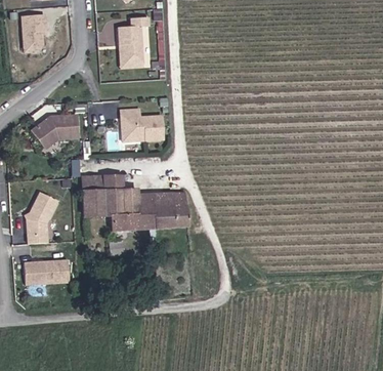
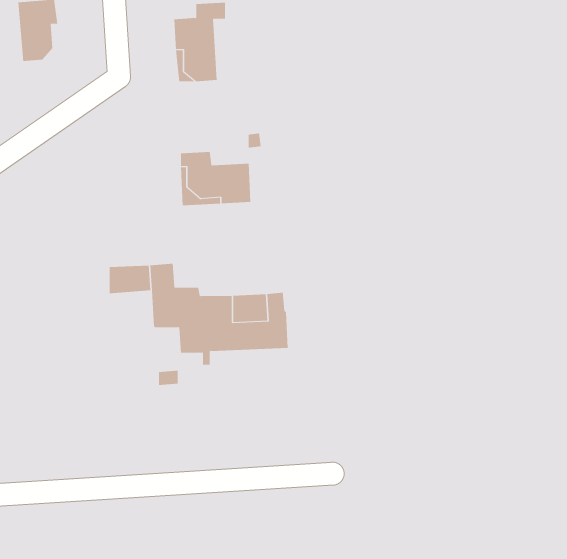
building: [31,114,78,149] -> none
building: [24,191,56,242] -> none
building: [78,192,104,214] -> none
building: [23,257,69,283] -> none

